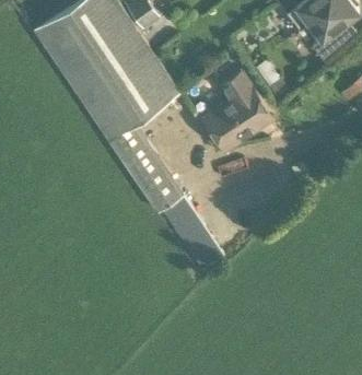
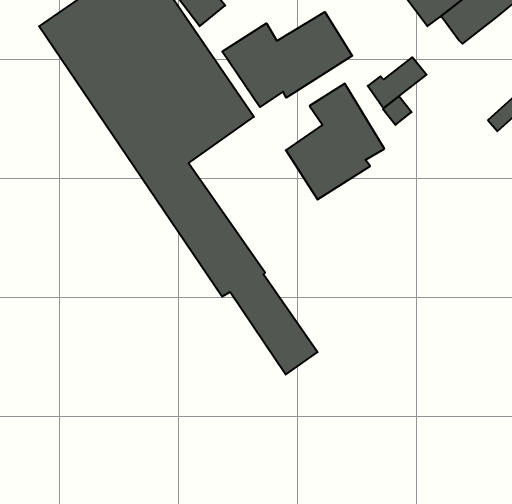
building: none -> [222,12,352,107]
building: [313,26,353,61] -> [368,57,427,108]

